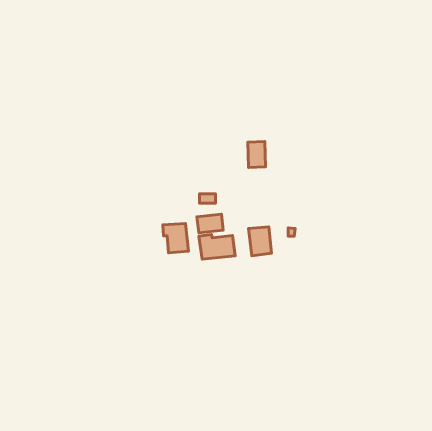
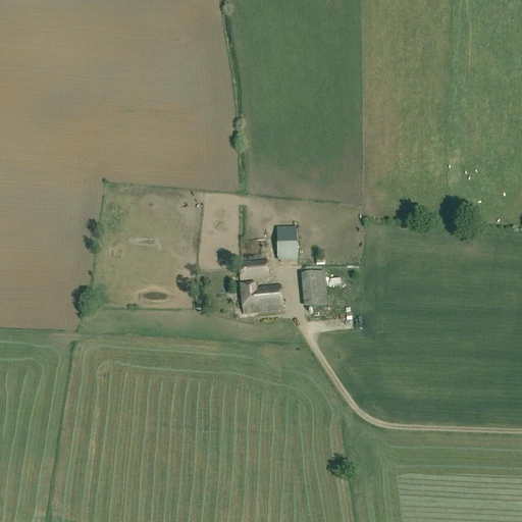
building: [248,141,266,168] -> [276,227,298,259]
building: [163,224,188,253] -> none

